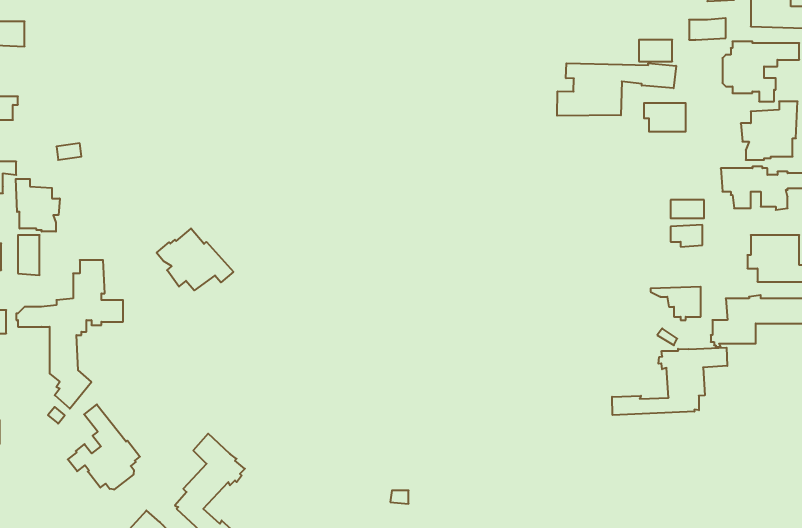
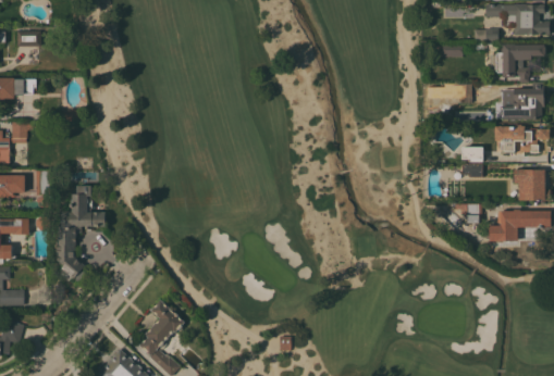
building: [557,63,676,116] -> none
building: [16,179,60,232] -> none
building: [157,228,233,290] -> none
building: [612,348,727,415] -> none
building: [68,404,140,490] -> none

